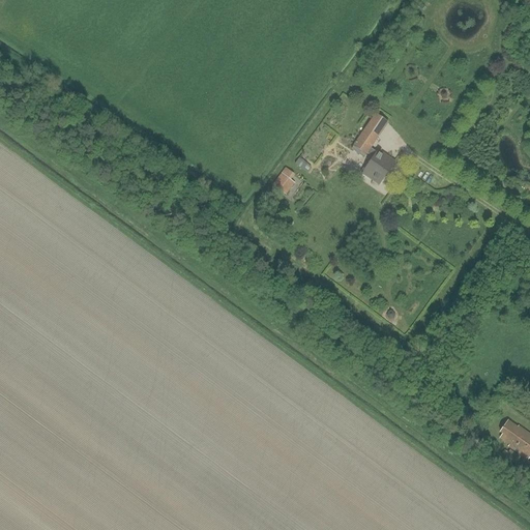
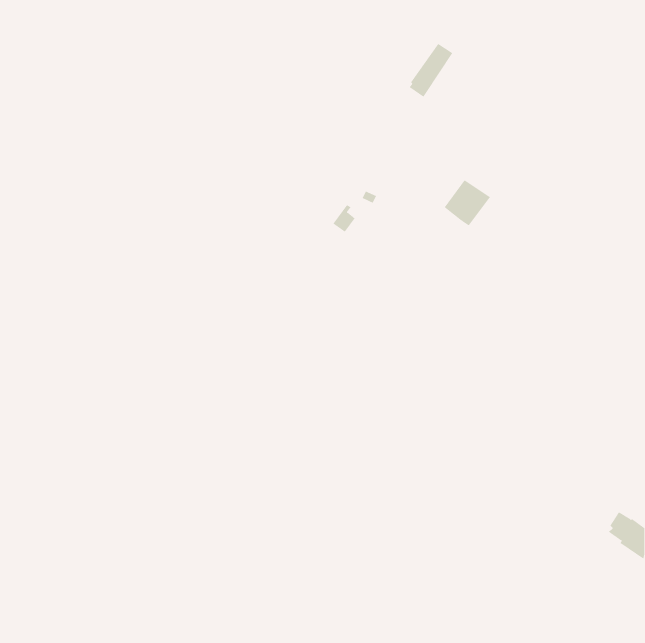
building: [354,110,390,154] -> [409,43,453,97]

